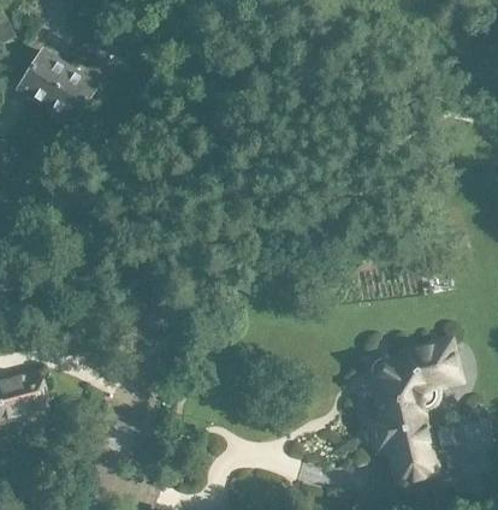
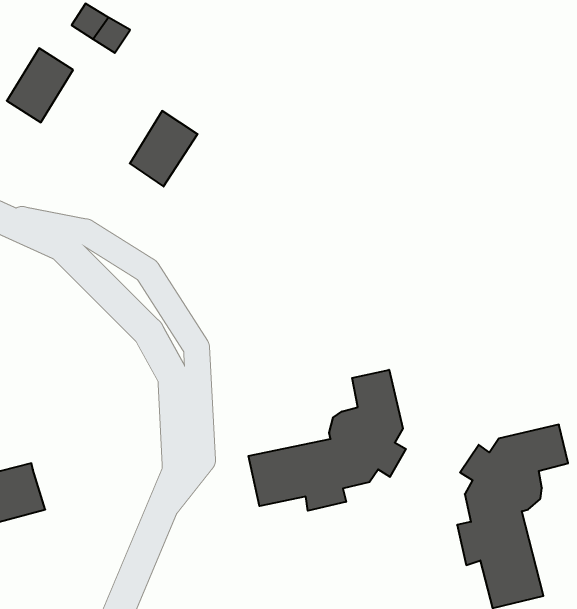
building: [43,64,96,123] -> [130,111,198,187]
building: none -> [248,370,406,511]

